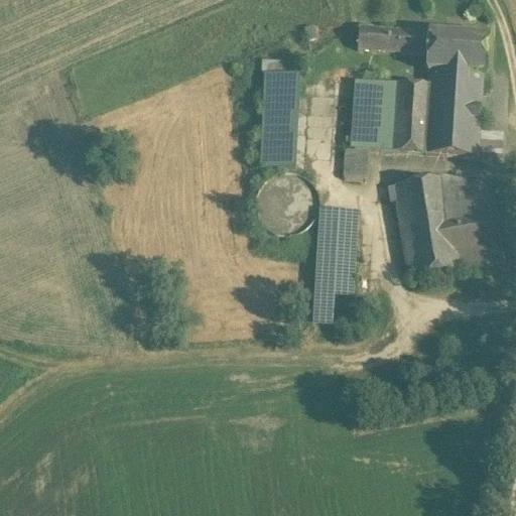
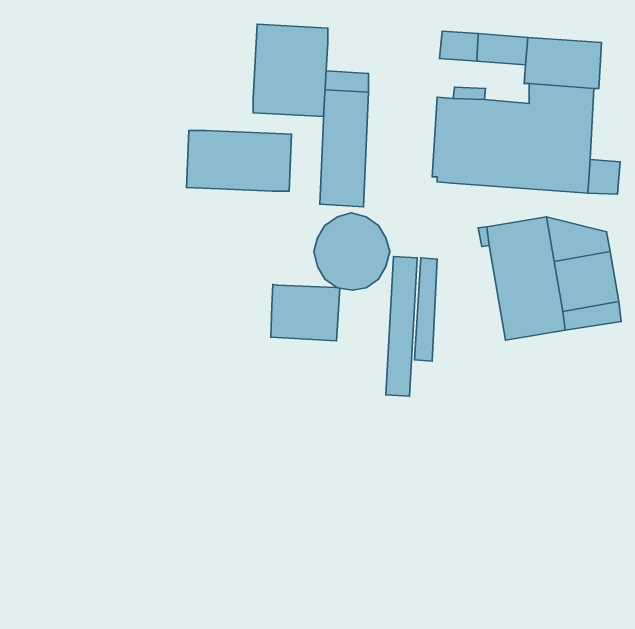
building: none -> [253,24,328,117]
building: none -> [187,130,292,191]
building: [343,147,366,178] -> none
building: none -> [271,284,340,341]

